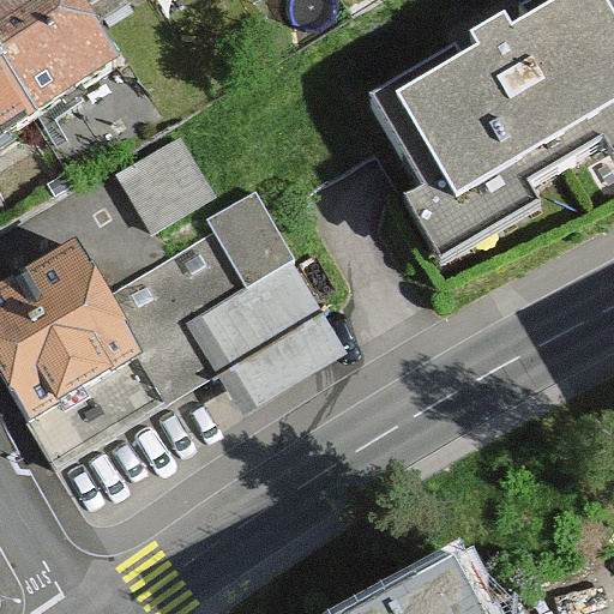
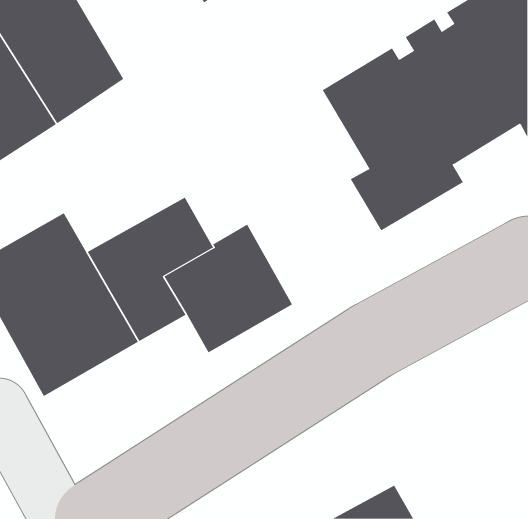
building: [116,131,215,227] -> none
building: [206,186,294,283] -> none

